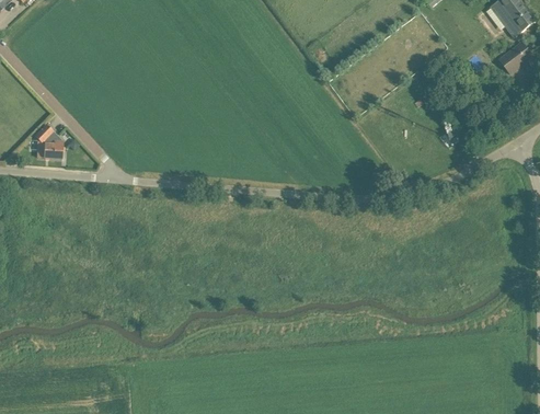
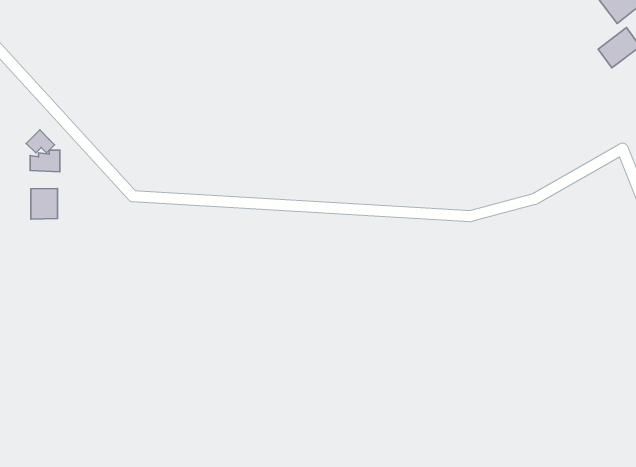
building: none -> [31,188,57,219]

